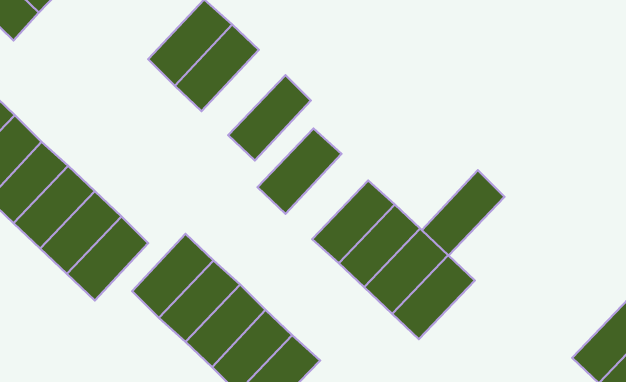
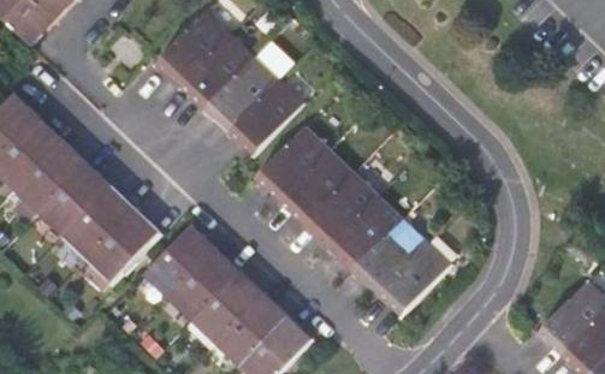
building: none -> [203,55,279,132]
building: [422,170,505,255] -> [279,149,354,226]

